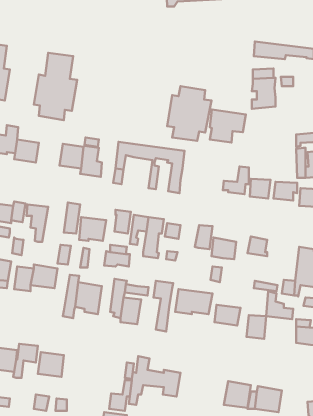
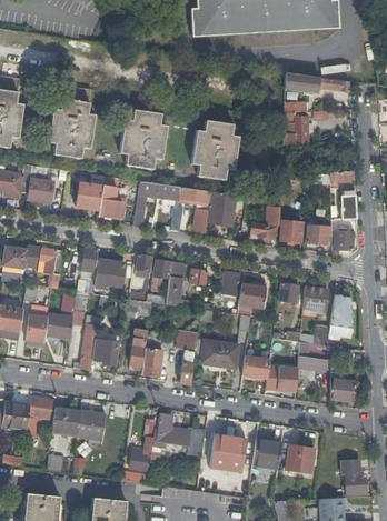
building: none -> [119,110,167,169]
building: [210,109,246,142] -> [208,191,247,227]
building: none -> [302,287,327,312]
building: none -> [78,411,106,439]
building: none -> [211,435,247,470]

